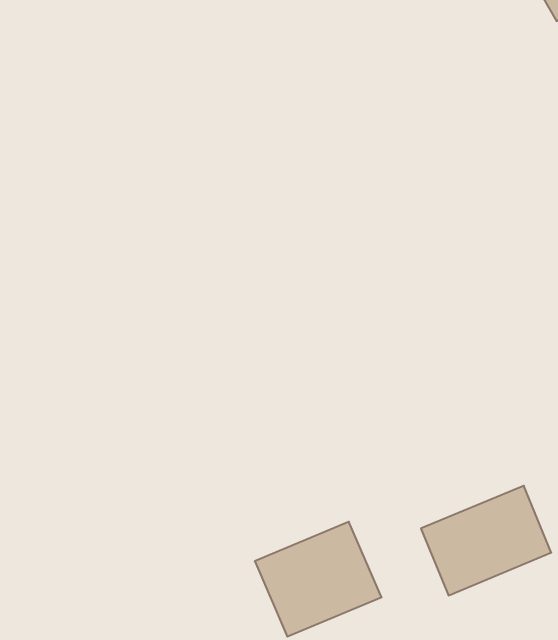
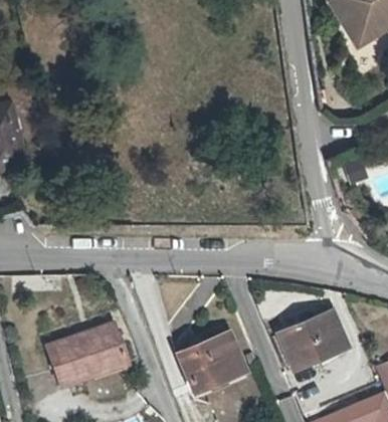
building: none -> [42,320,129,392]

